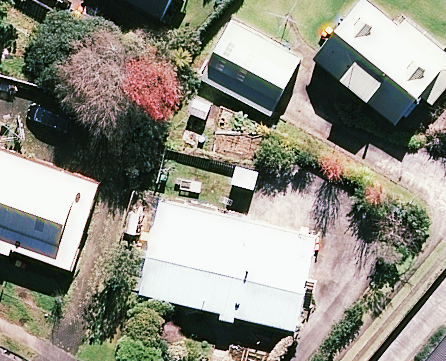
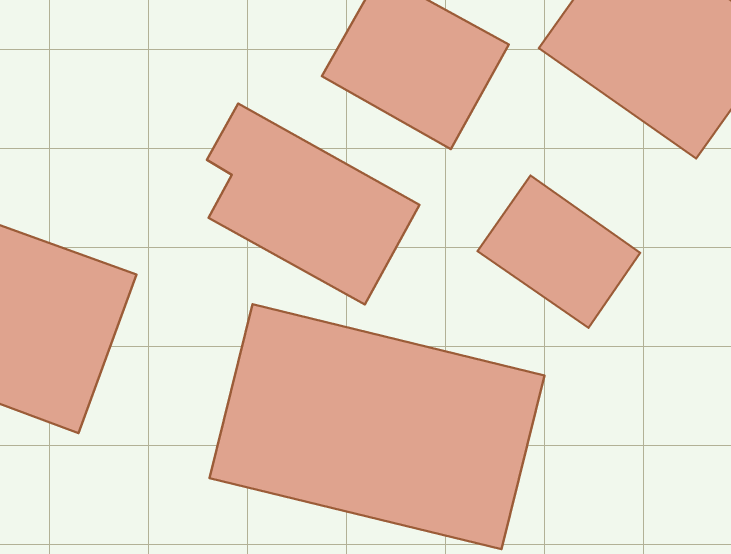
building: none -> [207,104,419,304]
building: none -> [478,176,640,328]

